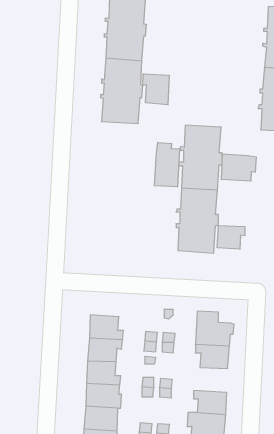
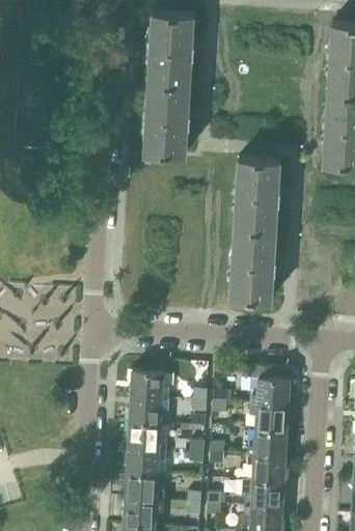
building: [143,74,169,105] -> none
building: [154,142,179,187] -> none
building: [221,154,256,181] -> none
building: [217,226,245,249] -> none
building: none -> [249,431,288,459]

